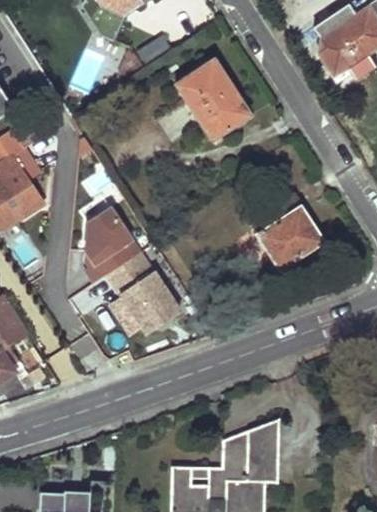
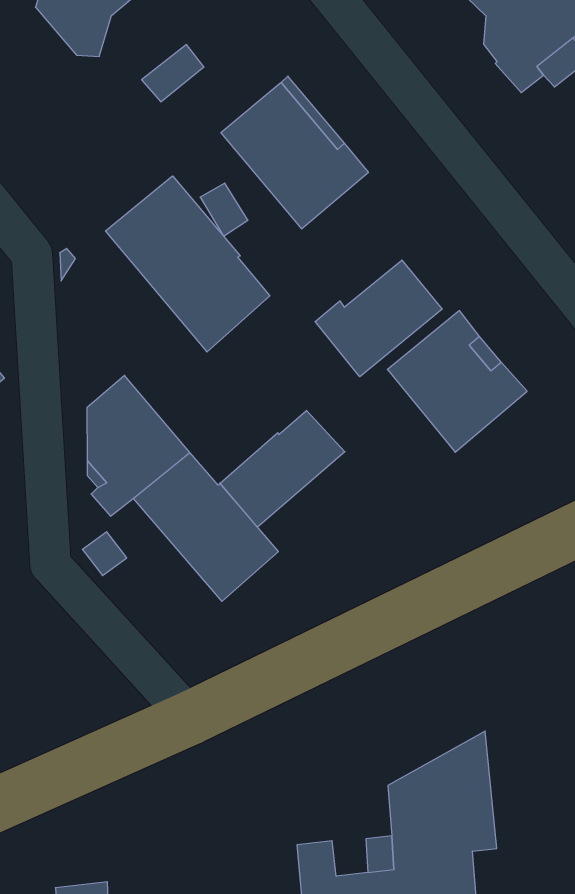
building: none -> [106,176,270,352]
building: none -> [315,260,442,377]
building: none -> [220,410,345,527]

